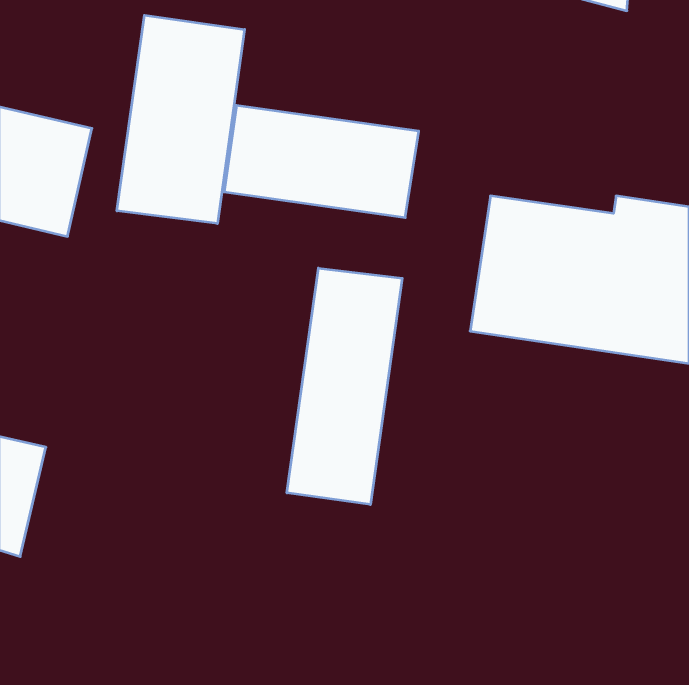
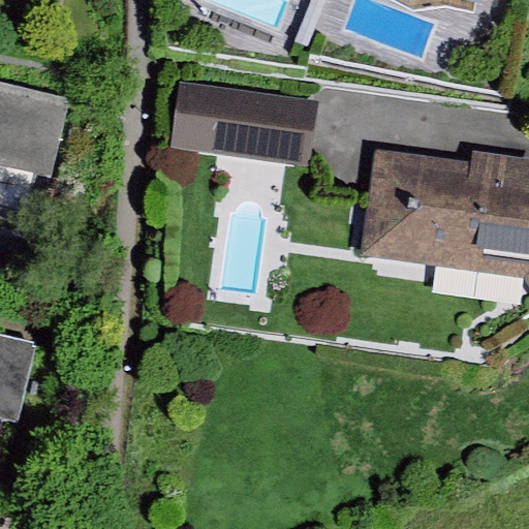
building: [117,15,245,224] -> none
building: [287,268,402,505] -> none

